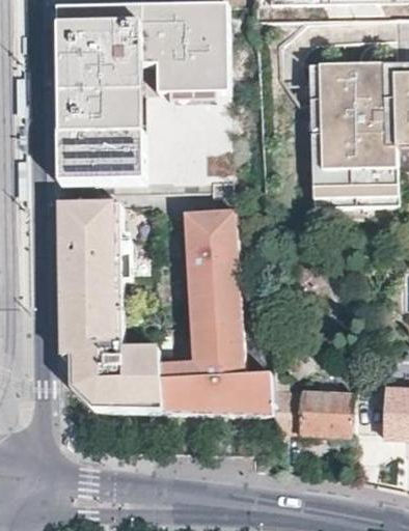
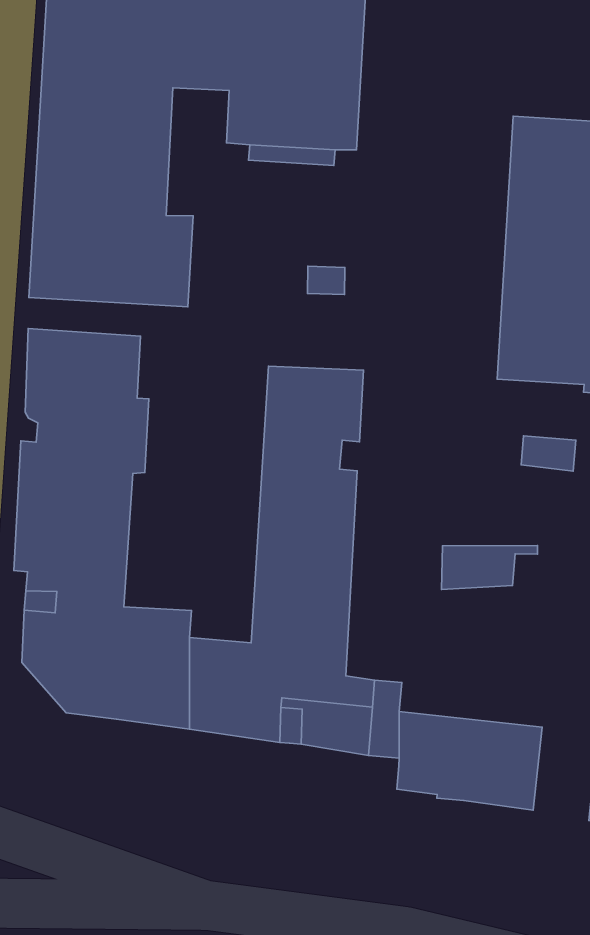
building: [125,64,156,134] -> none
building: none -> [442,546,538,589]

